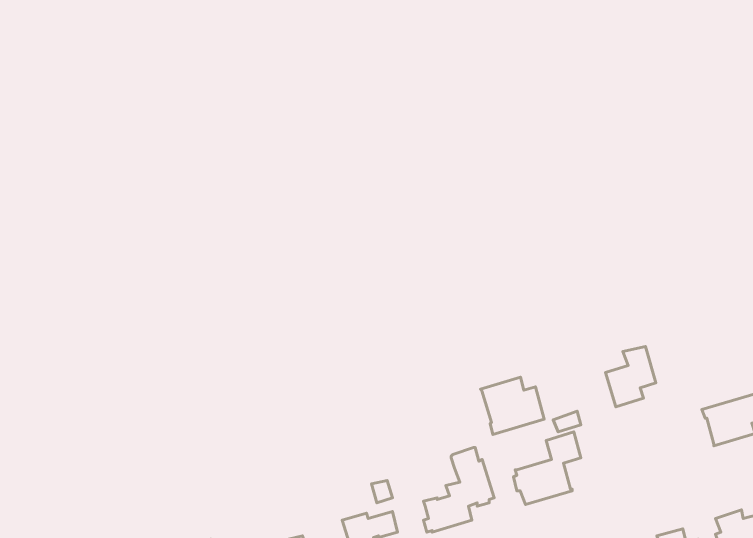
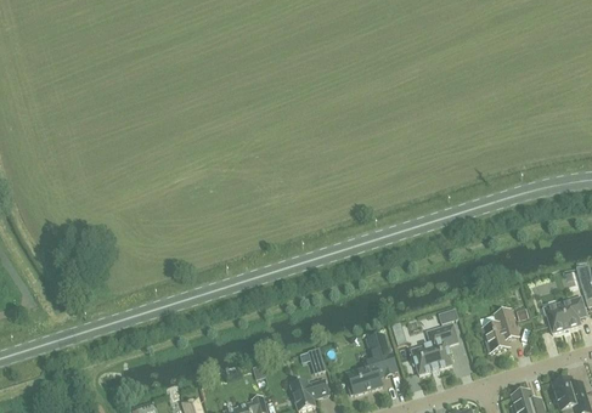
building: [606,346,656,407] -> [481,309,517,351]
building: [481,377,544,435] -> none

